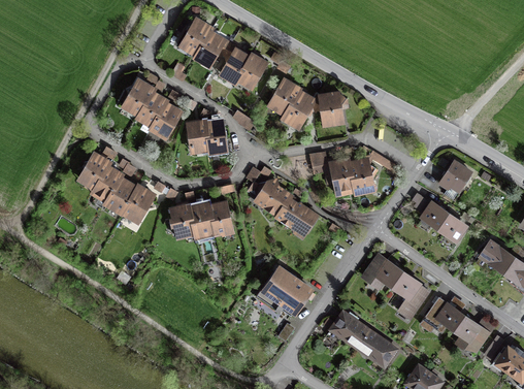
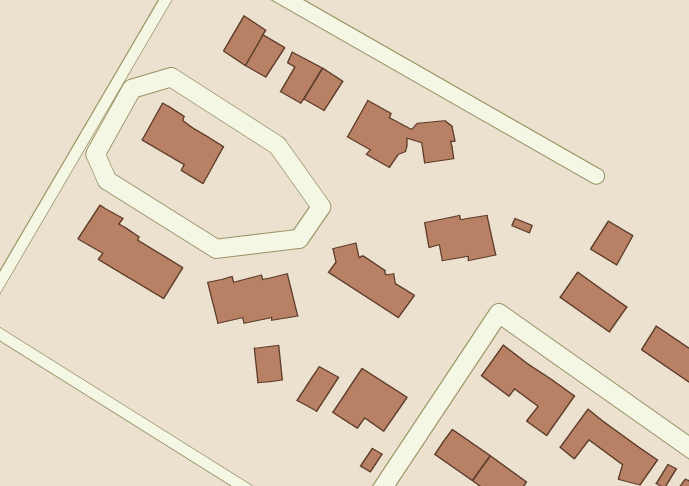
building: [186,120,225,152] -> none
building: none -> [254,345,282,383]
building: none -> [297,367,339,411]

